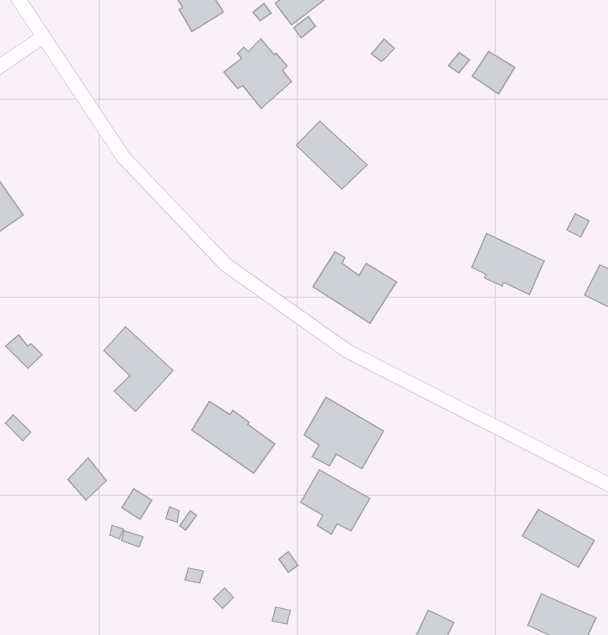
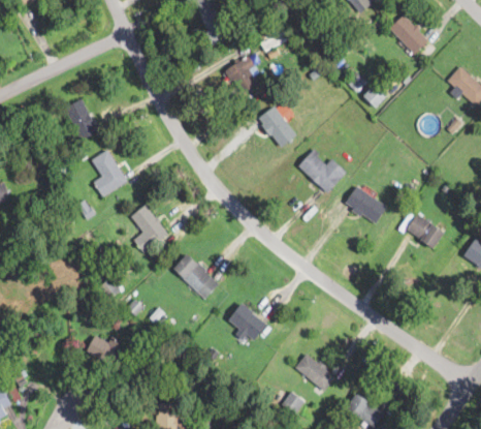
building: none -> [91,150,127,197]
building: [313,252,397,323] -> [298,149,346,192]
building: [304,397,383,469] -> none
building: [522,509,594,567] -> [294,355,334,391]
building: none -> [87,335,127,367]

